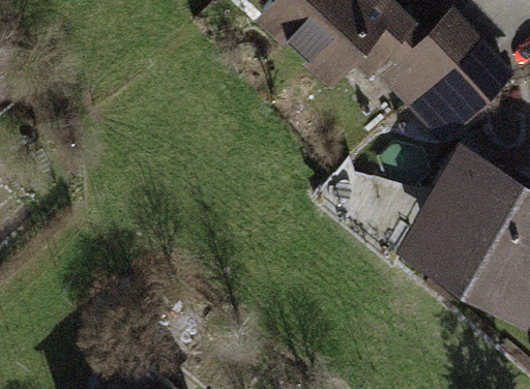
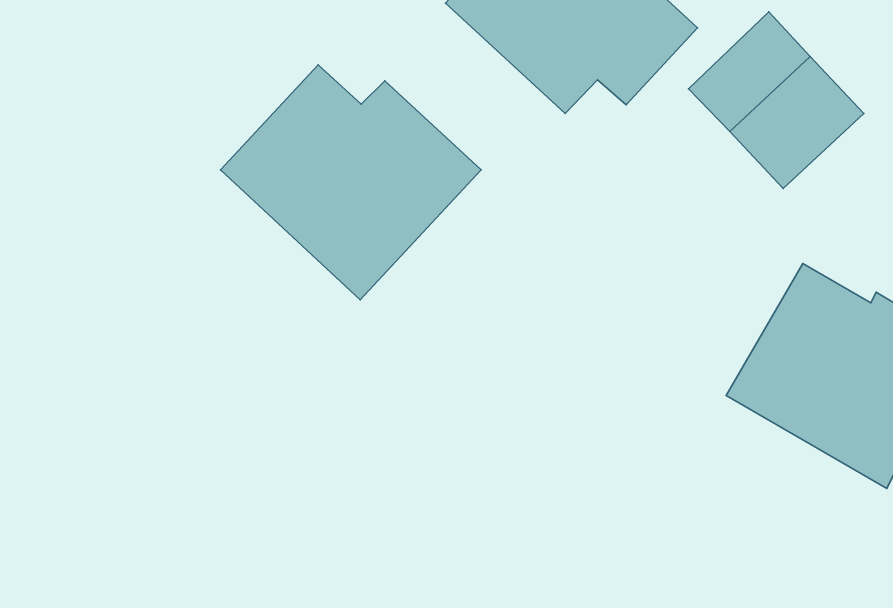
building: none -> [220,65,481,300]

